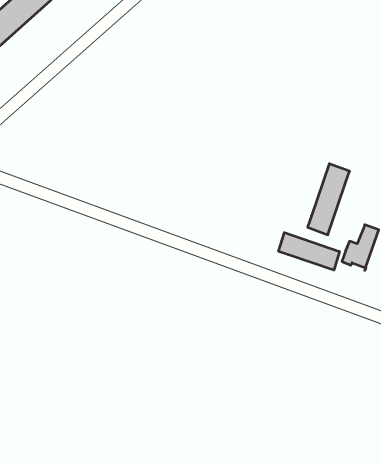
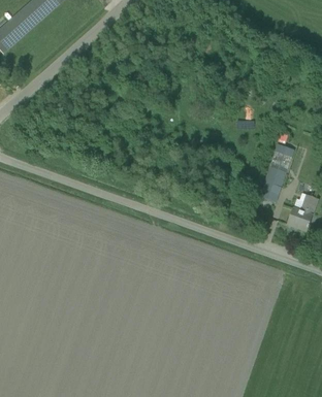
building: [279,233,339,270] -> none

